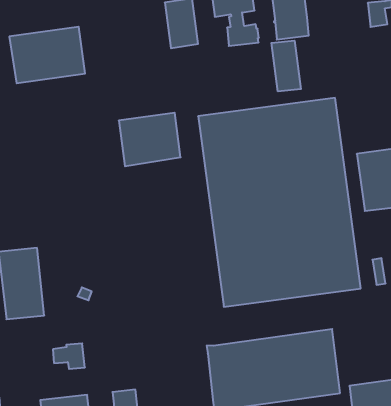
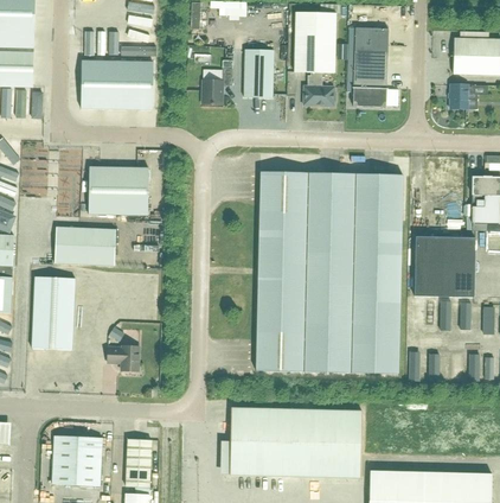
building: none -> [201,69,232,104]
building: [271,41,301,91] -> none
building: [119,113,181,166] -> [89,167,148,215]
building: none -> [55,227,116,265]
building: [53,343,85,369] -> [107,344,139,370]

